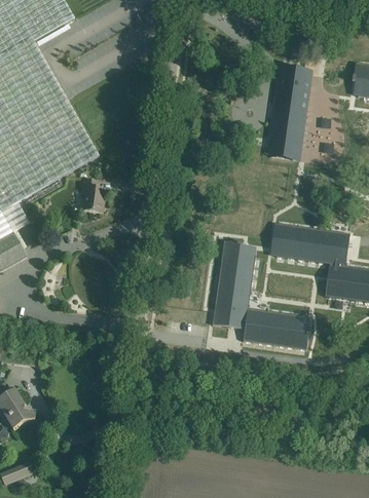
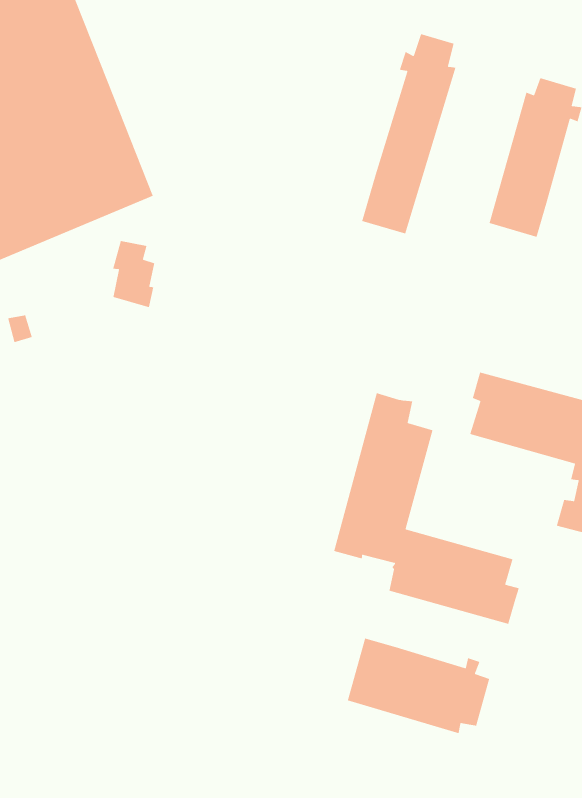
building: none -> [361,33,456,235]
building: none -> [347,638,490,734]

